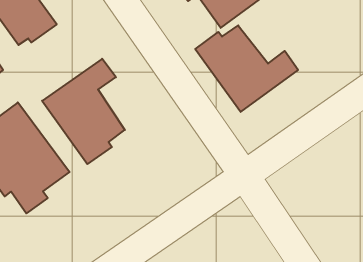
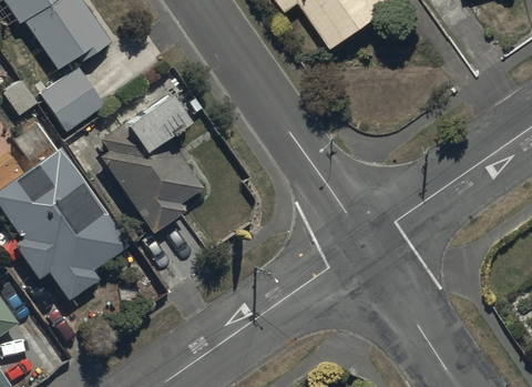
building: [195,25,298,112] -> none
building: none -> [40,69,104,133]

